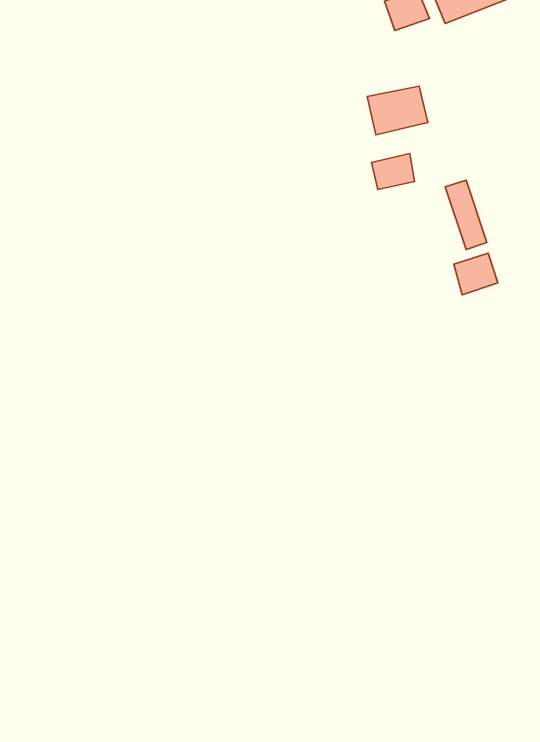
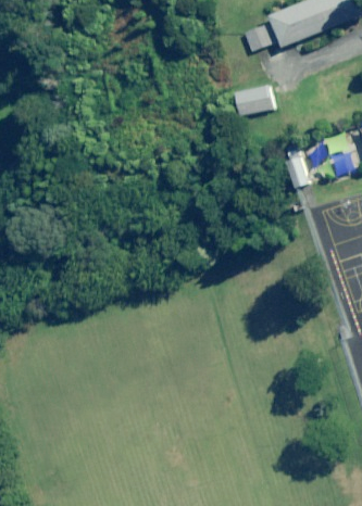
building: [371,153,415,190] -> none
building: [454,253,498,295] -> none

